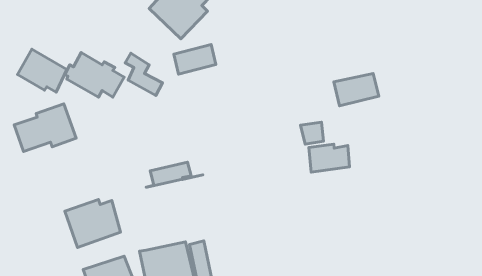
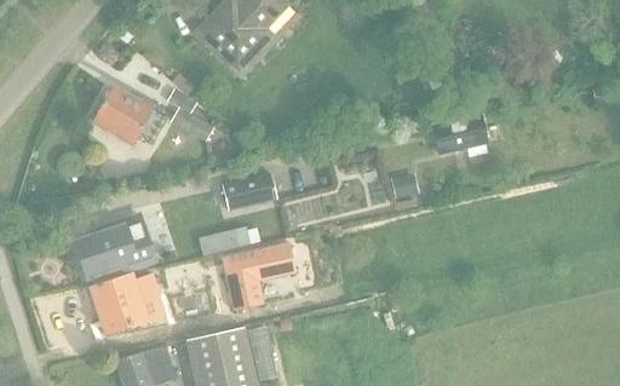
building: [174,45,216,74] -> [223,173,276,211]
building: [17,49,67,92] -> none
building: [14,104,76,152] -> [76,215,155,276]
building: [309,144,350,172] -> none
building: none -> [222,242,295,310]

